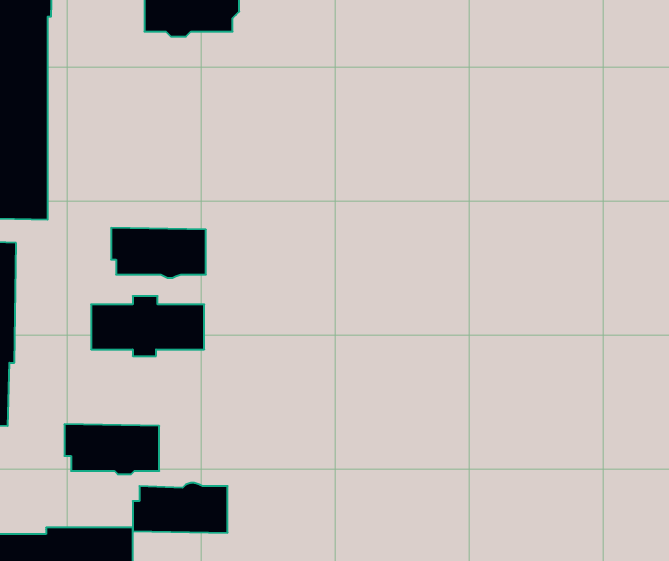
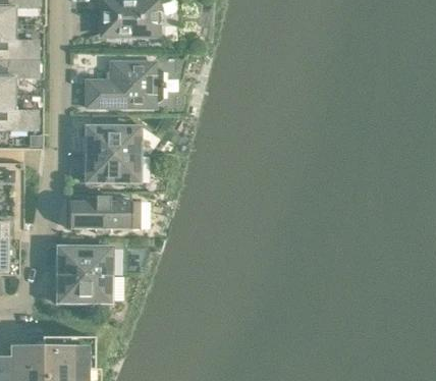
building: none -> [85,61,162,107]
building: none -> [80,124,139,155]
building: [133,483,228,533] -> [52,244,110,275]

